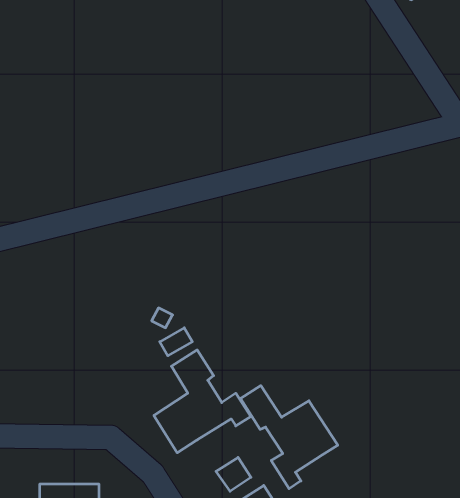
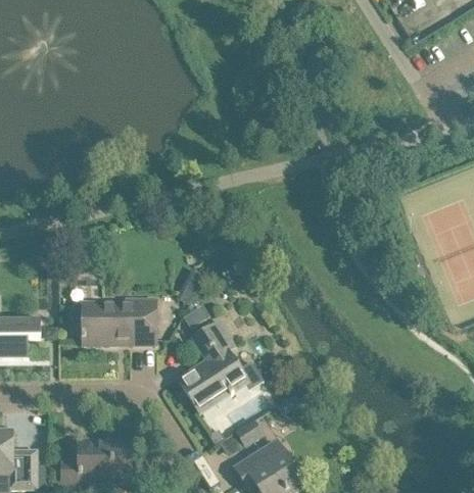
building: none -> [82,298,154,344]
building: [240,386,338,489] -> none

